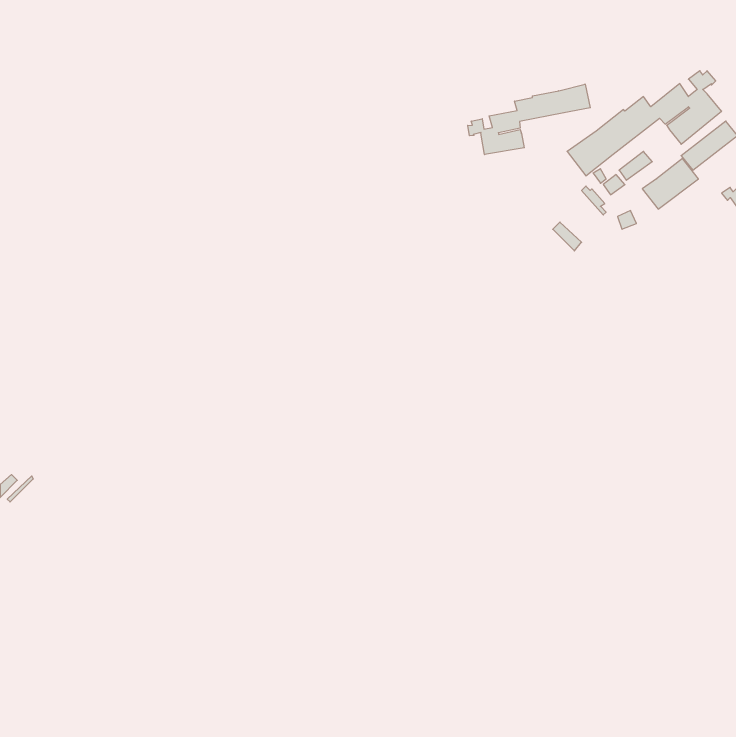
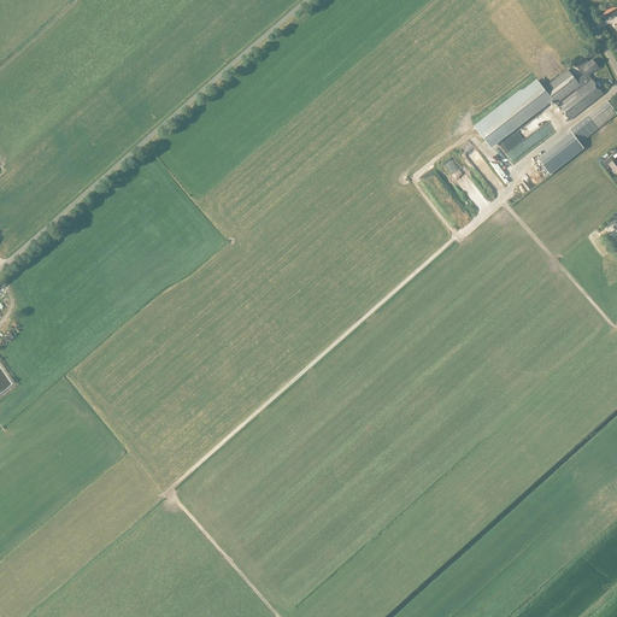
building: [468,84,590,155] -> none

